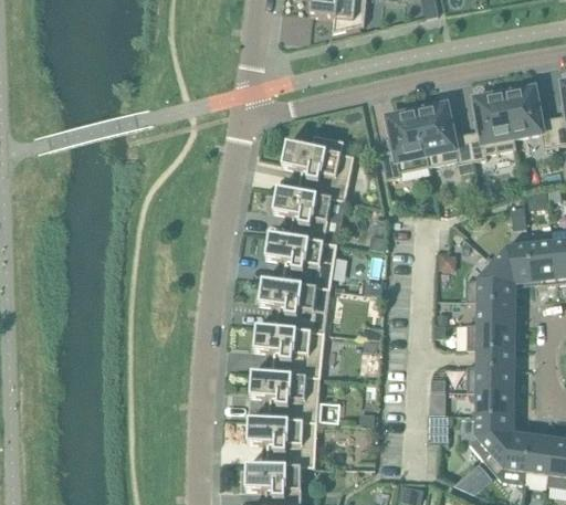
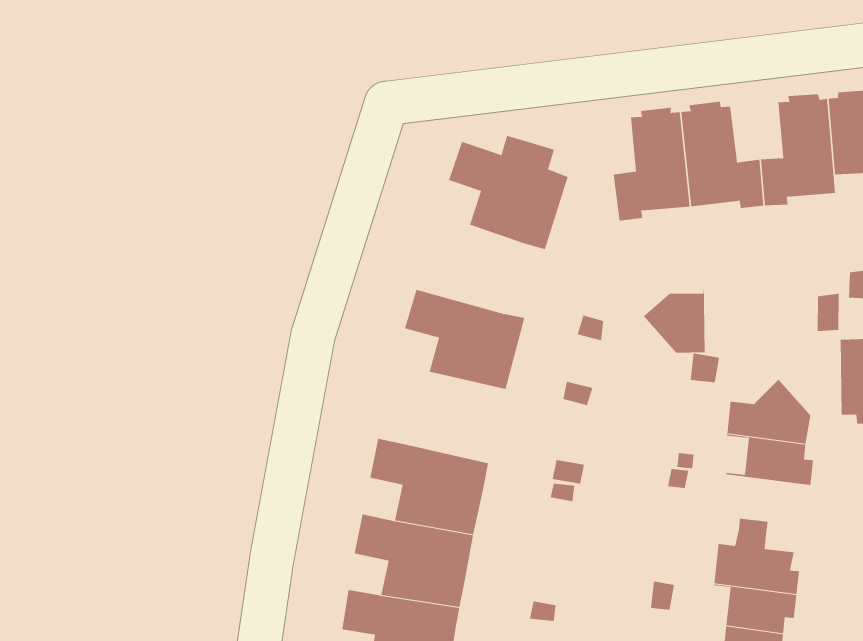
building: [272,187,331,241] -> none
building: [492,234,532,282] -> [643,277,706,353]
building: [258,278,329,332] -> none
building: [467,323,518,365] -> none

